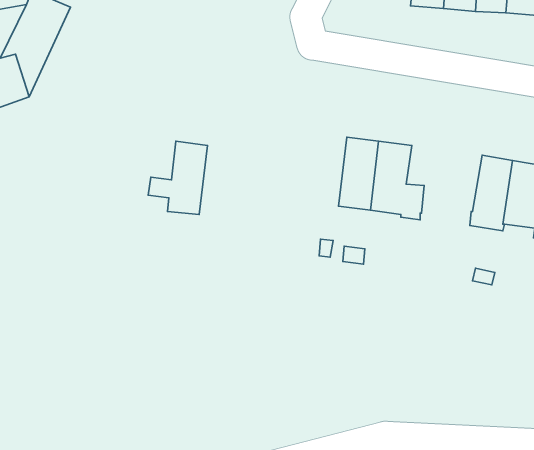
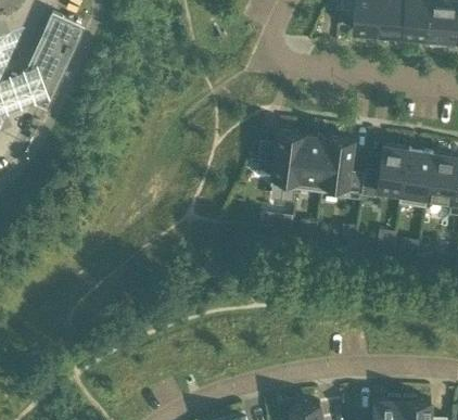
building: [148,141,207,214] -> [253,130,300,188]
building: none -> [358,144,406,196]

